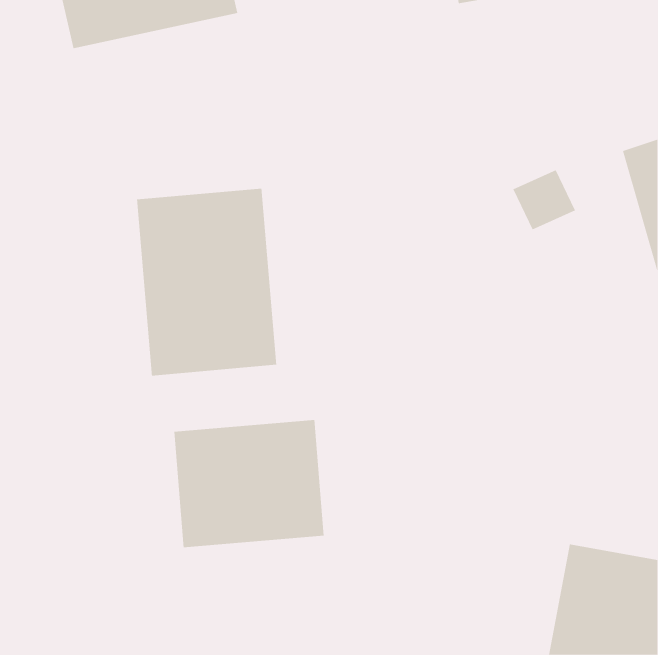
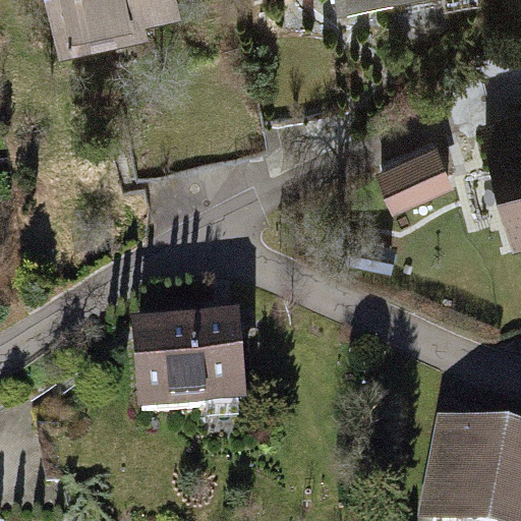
building: [136,188,277,376] -> none

